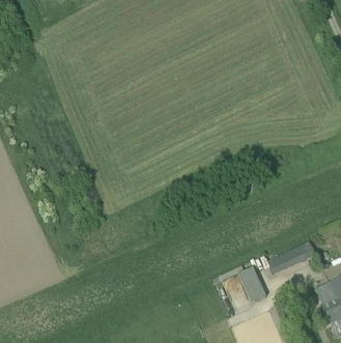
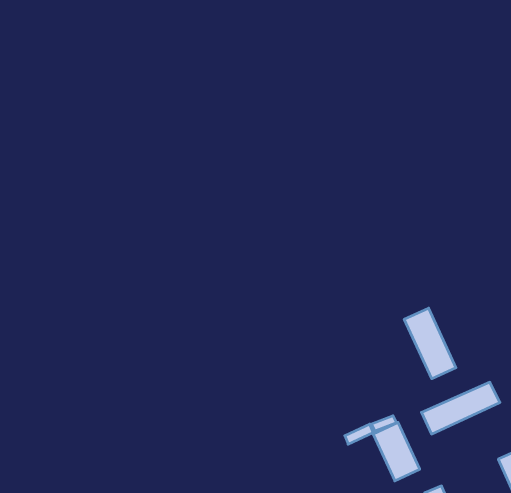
building: none -> [404,308,456,379]

